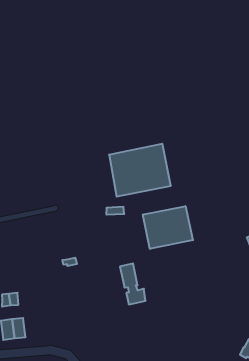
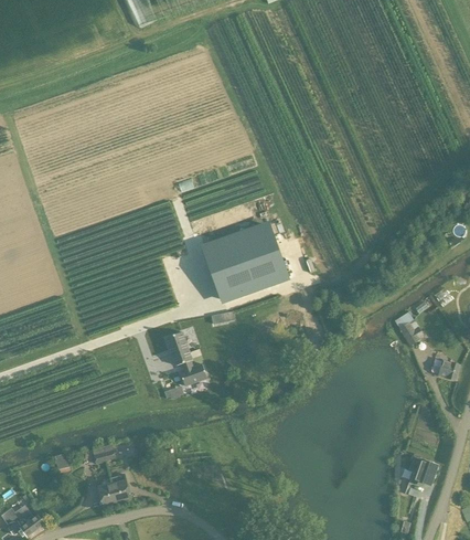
building: [143,206,193,249] -> none
building: [120,263,146,304] -> [163,328,203,382]

